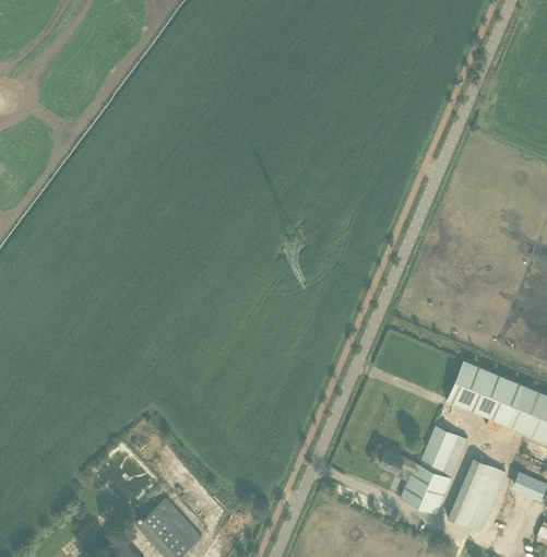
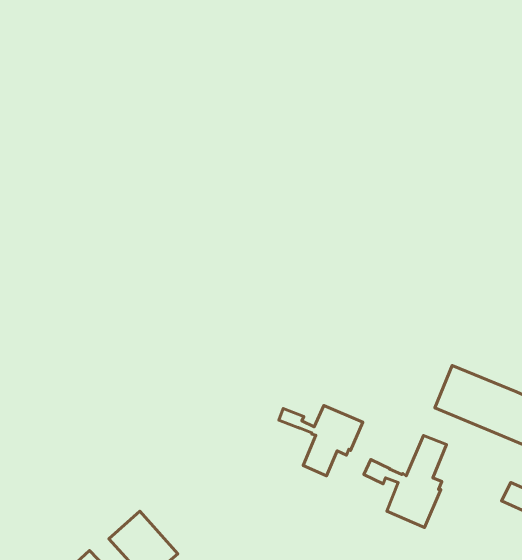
building: none -> [279,406,363,476]
building: [447,459,506,533] -> none

